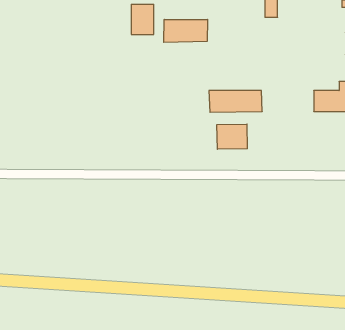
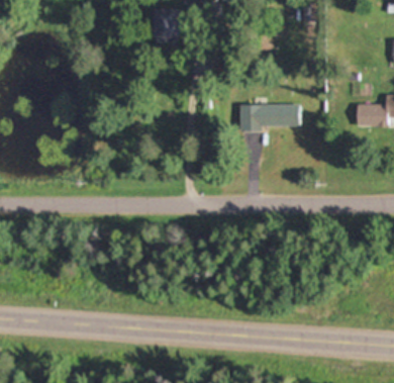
building: [164,19,208,42] -> none
building: [217,124,247,149] -> none

